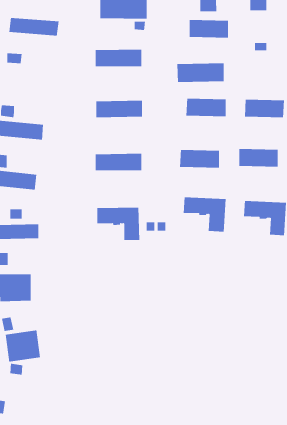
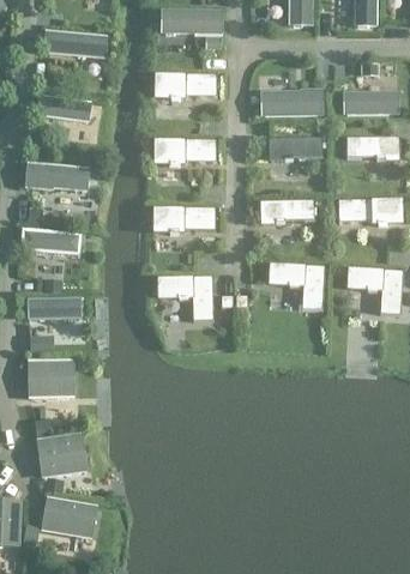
building: [189,19,229,38] -> [344,90,396,114]
building: none -> [36,96,92,121]
building: none -> [41,499,96,536]

